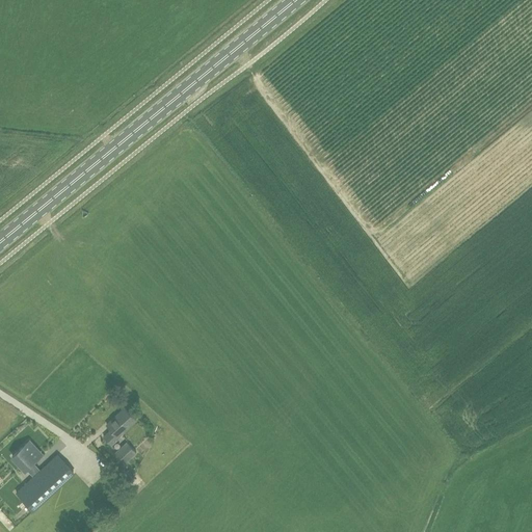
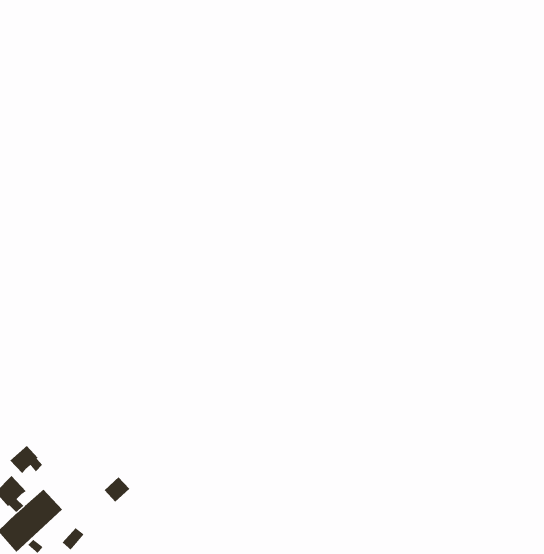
building: [103,407,135,445] -> none
building: none -> [9,445,43,474]

